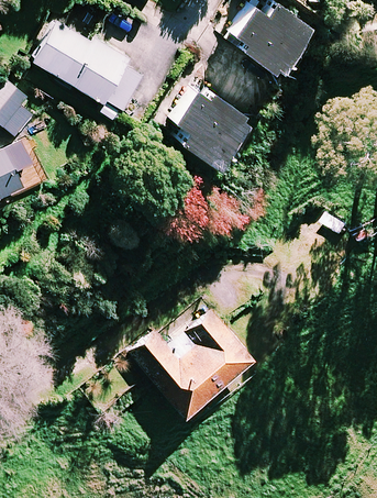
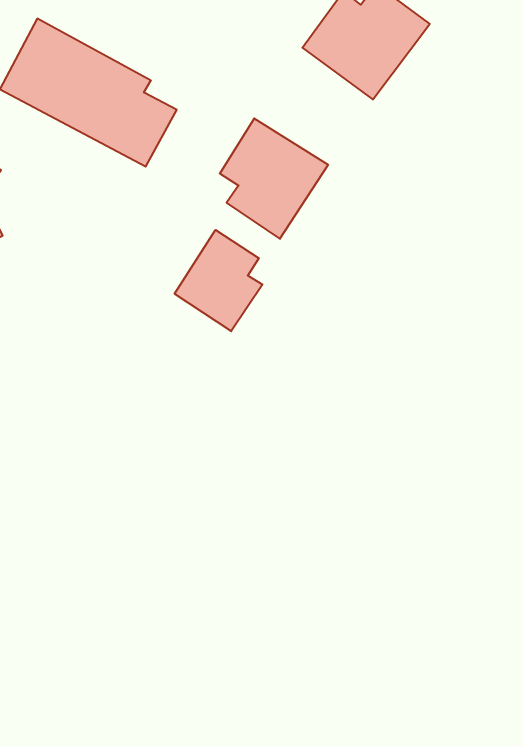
building: none -> [175,230,262,331]
building: [132,308,254,418] -> none

